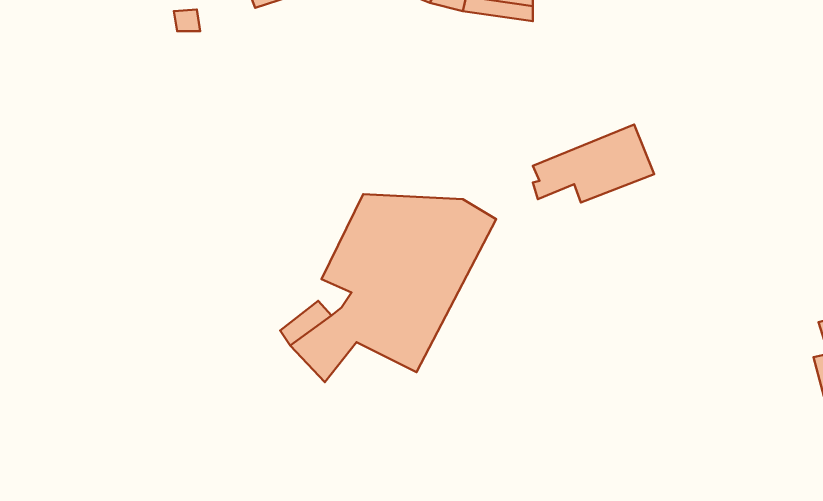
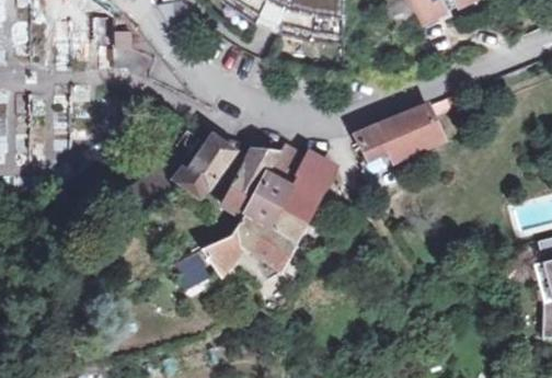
building: none -> [173,140,231,198]

